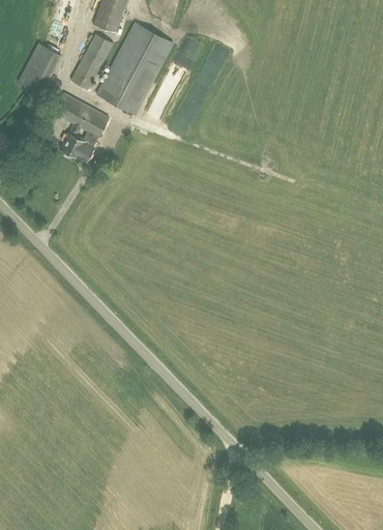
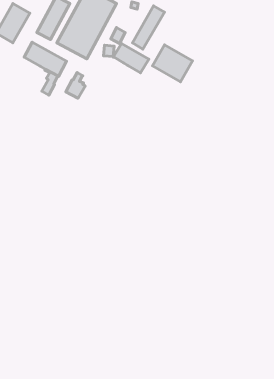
building: none -> [113,43,149,73]
building: none -> [152,45,192,82]
building: [60,123,85,156] -> [66,72,85,98]

